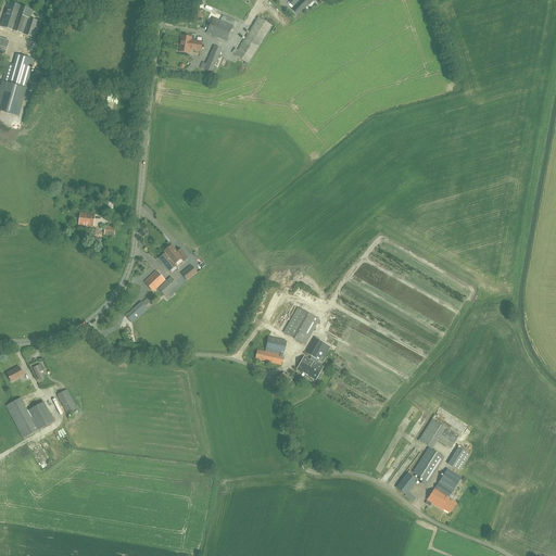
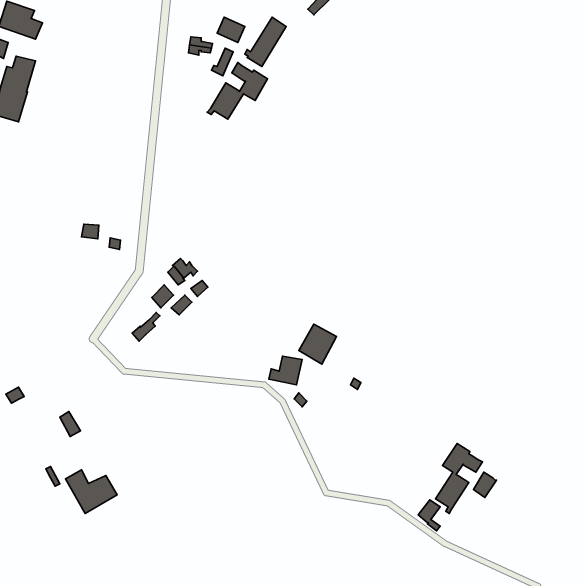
building: none -> [207,63,267,119]
building: [295,337,327,379] -> none
building: [4,396,53,438] -> [65,470,117,513]
building: [424,468,459,511] -> none

